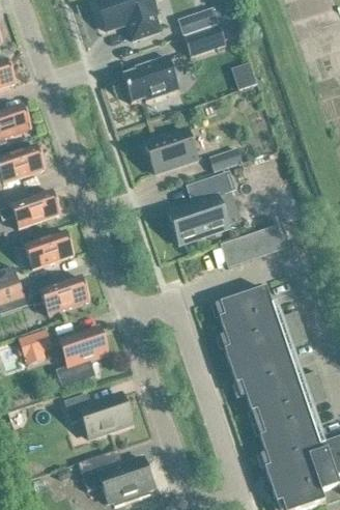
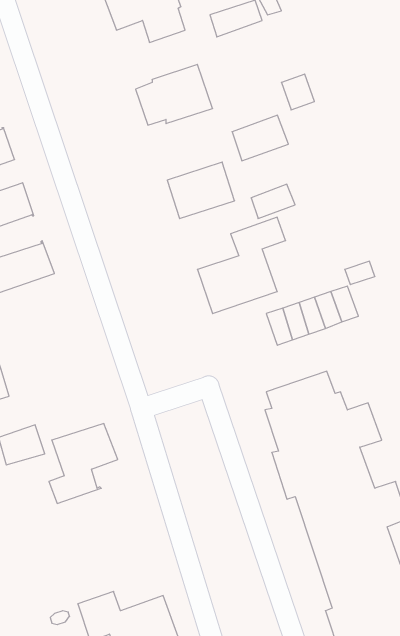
building: [182,23,225,57] -> [232,115,288,161]
building: [24,231,74,268] -> none
building: [30,275,89,314] -> none
building: [63,392,131,437] -> none

